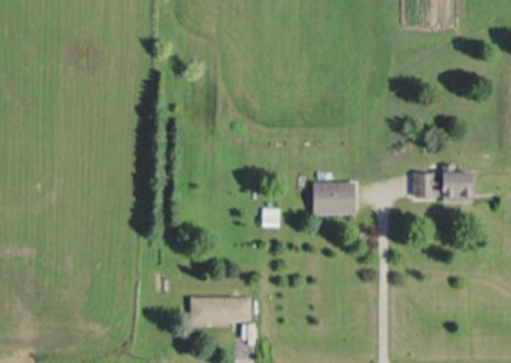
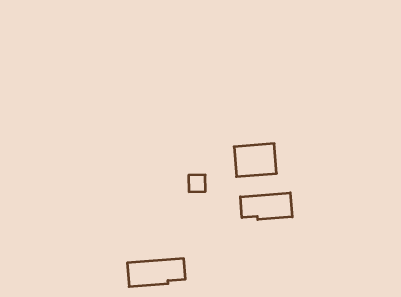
building: [414,165,474,202] -> none
building: none -> [240,193,292,220]

